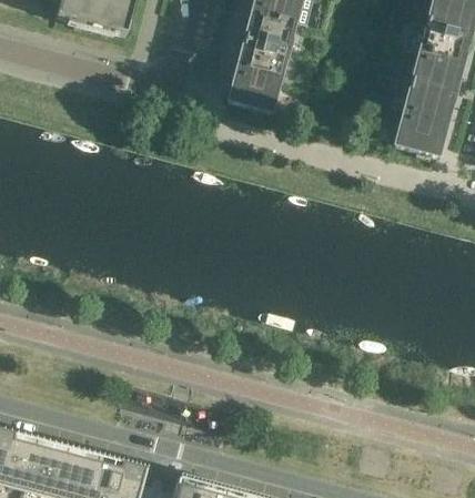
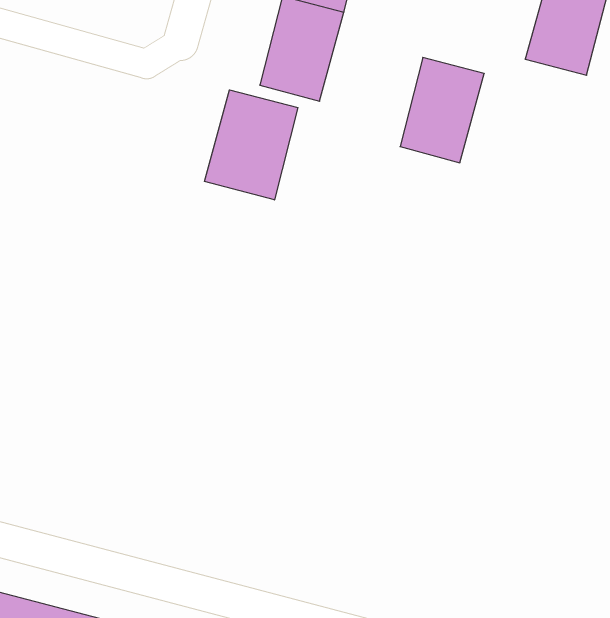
building: [395,82,453,154] -> [400,57,484,163]
building: none -> [205,90,298,200]

